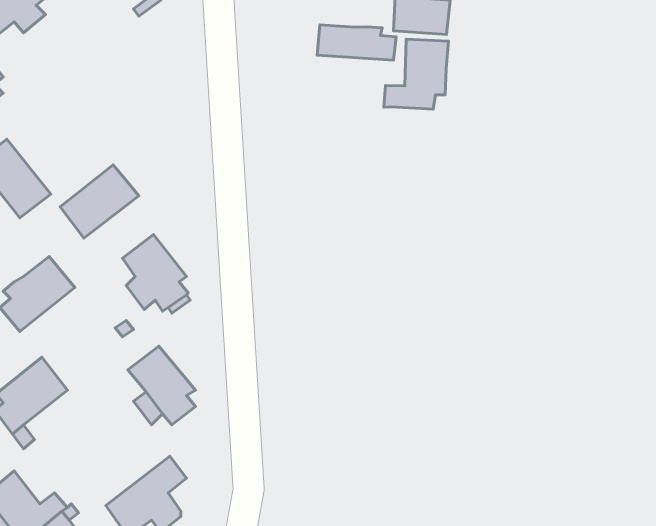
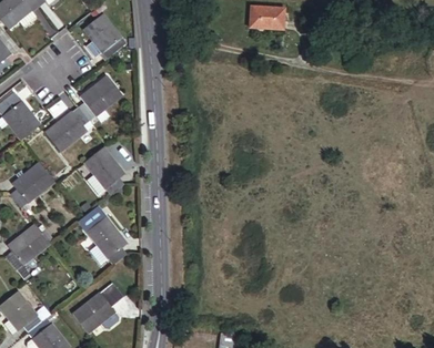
building: none -> [84,13,127,59]
building: [317,25,396,60] -> none
building: [384,39,449,109] -> none
building: none -> [78,75,122,120]

